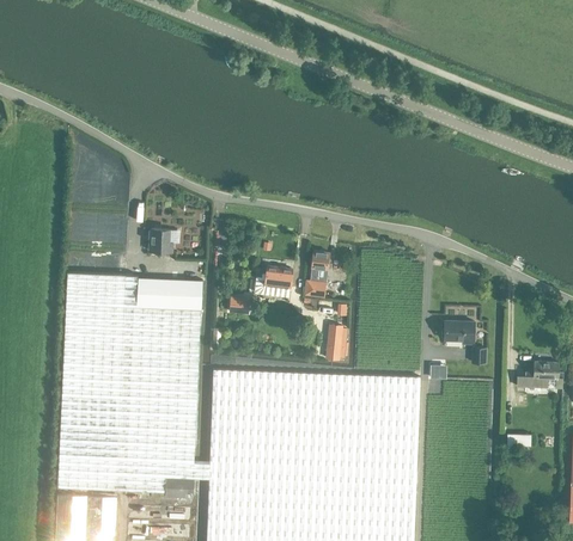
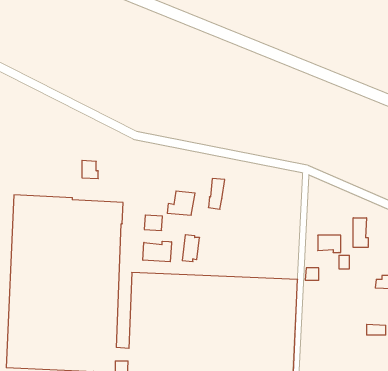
building: none -> [353,218,368,247]
building: [325,326,347,359] -> [182,235,200,262]
building: none -> [143,241,171,262]

